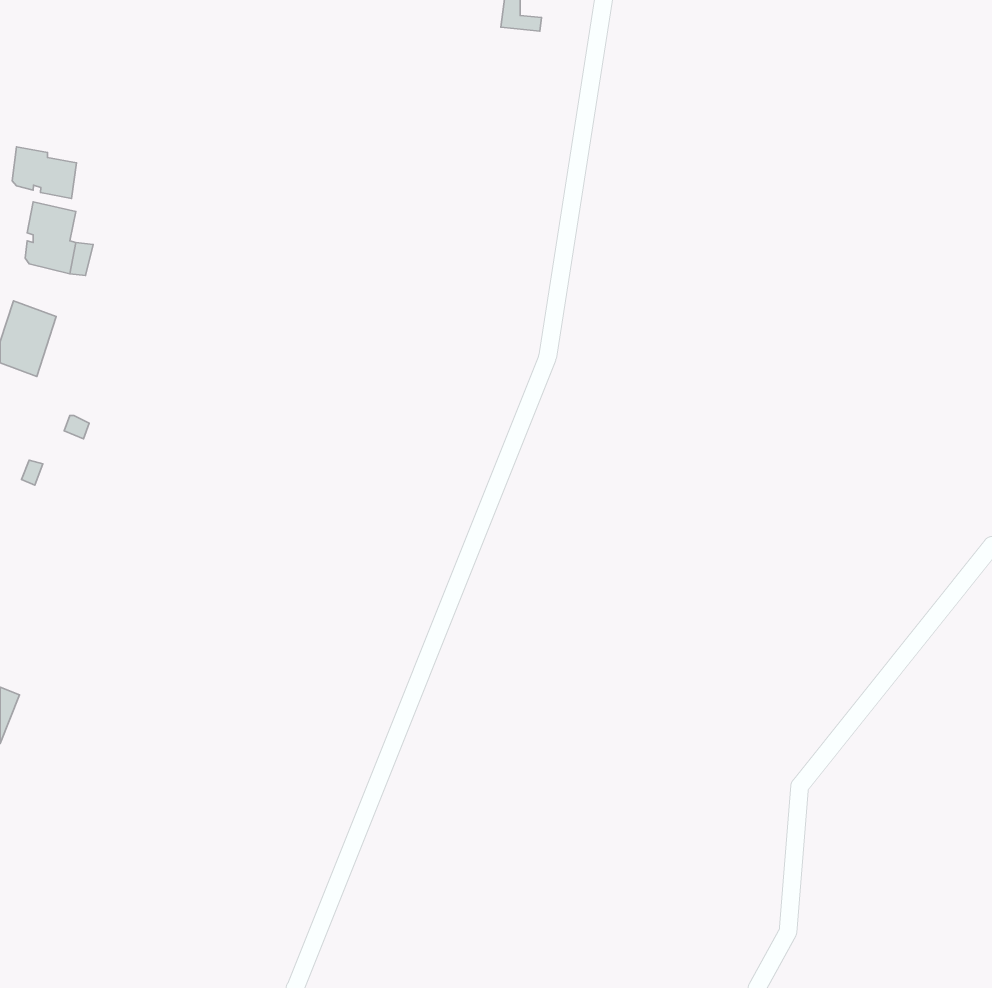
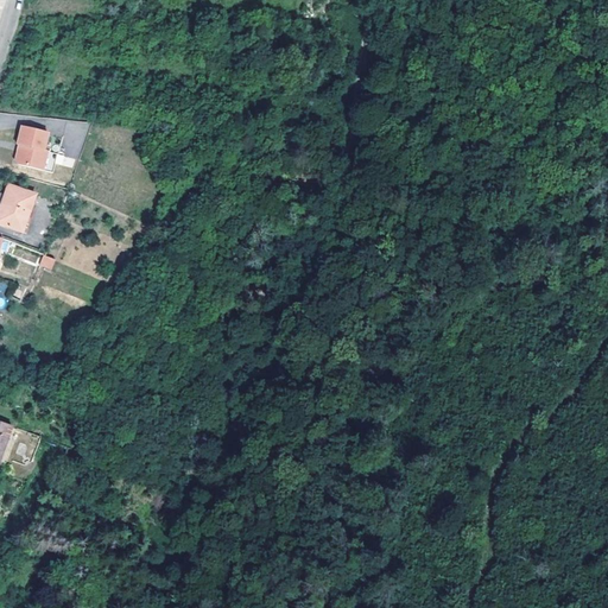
building: [12,147,77,198] -> none

